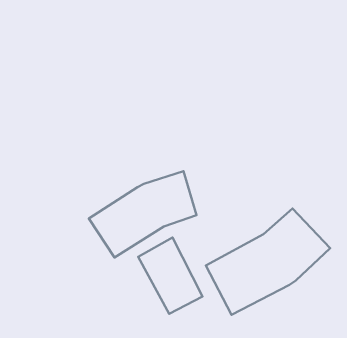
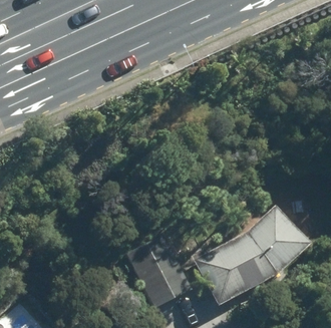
building: [89,171,196,258] -> none

